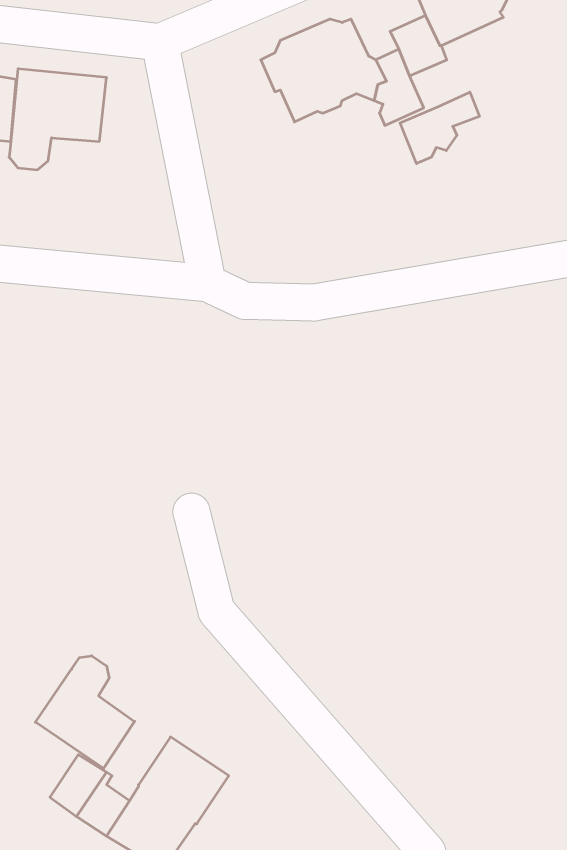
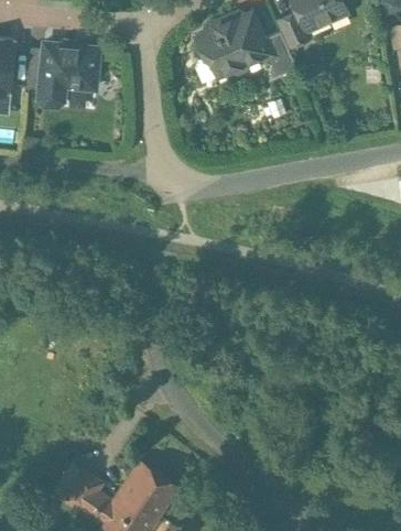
building: [400,92,479,164] -> none
building: [35,656,135,768] -> none

